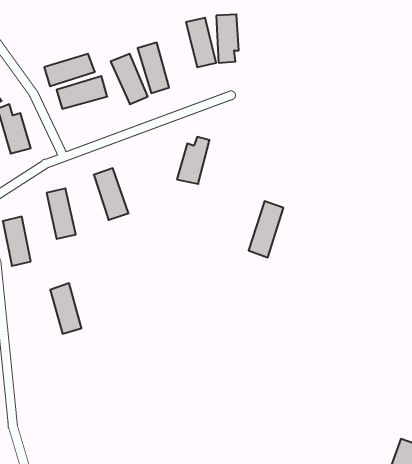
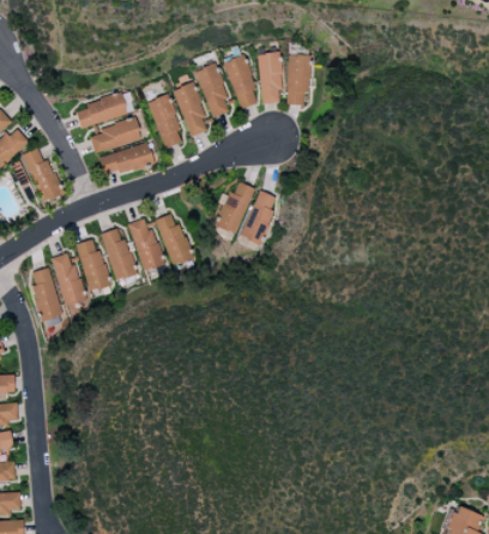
building: none -> [286,54,312,104]
building: none -> [195,62,230,118]
building: none -> [99,144,155,176]
building: none -> [156,211,193,265]
building: none -> [103,228,137,280]
building: [249,201,283,257] -> [241,190,278,250]
building: [50,283,82,334] -> [52,251,85,305]

